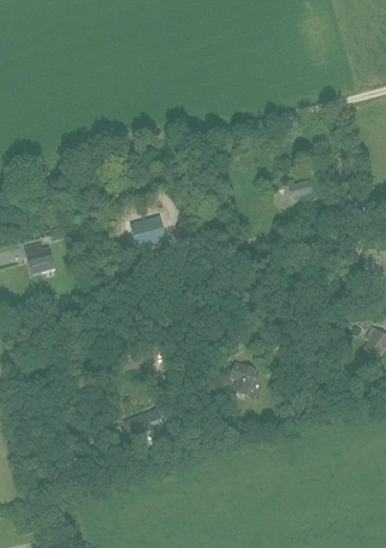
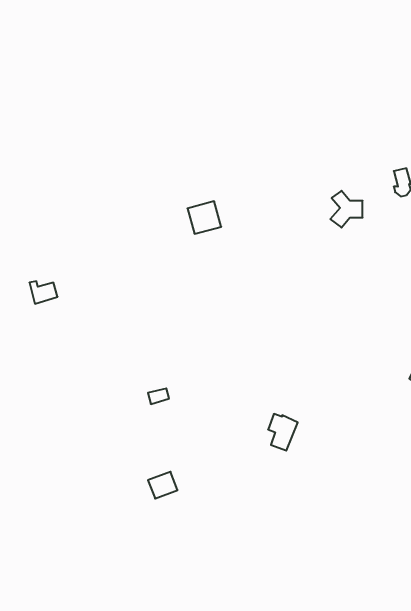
building: [136,218,165,245] -> [187,201,221,234]

